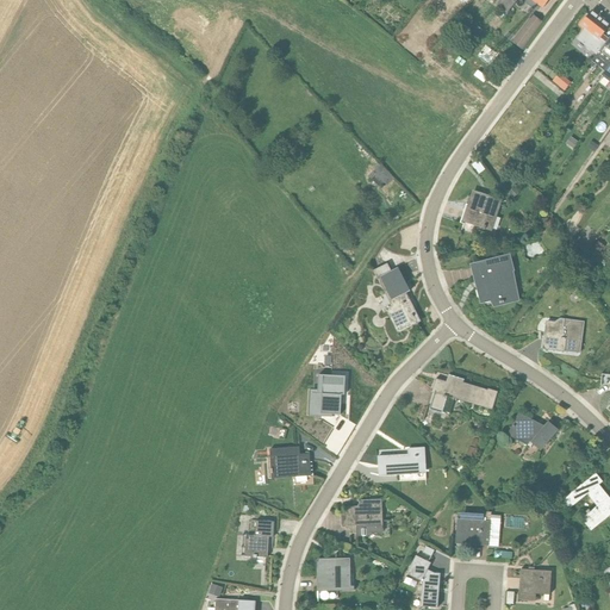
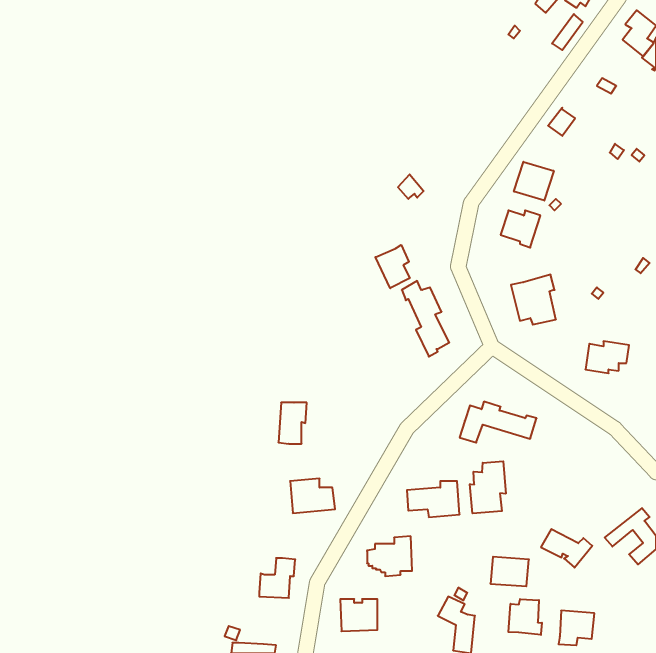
building: none -> [514,162,554,201]
building: none -> [375,245,410,288]
building: [319,374,346,412] -> [278,403,307,444]
building: [510,412,558,448] -> [541,529,592,568]
building: none -> [470,461,506,513]
building: none -> [508,599,542,635]

